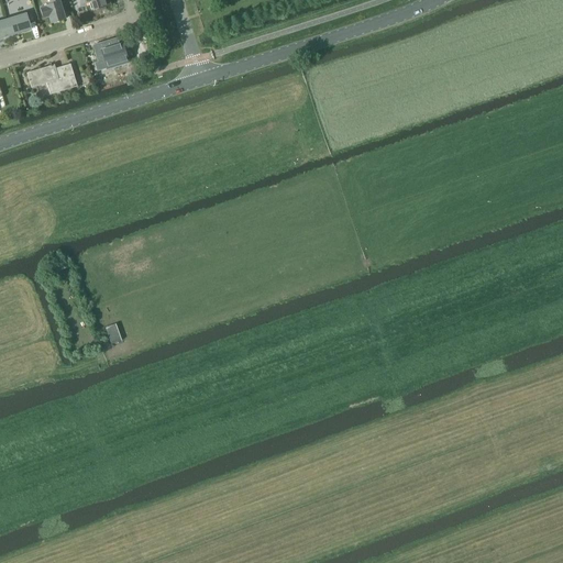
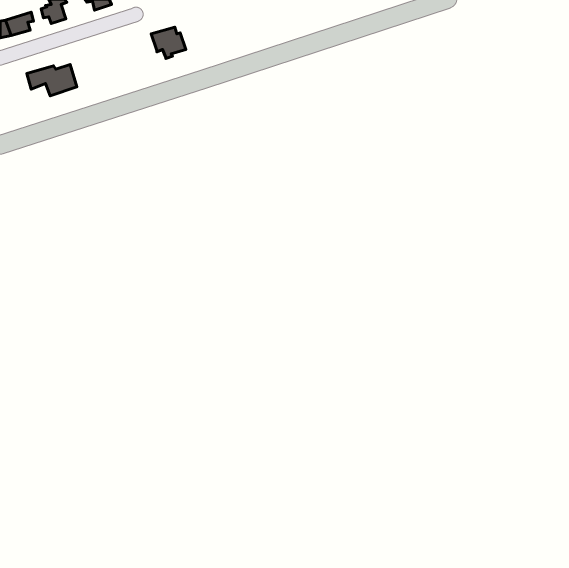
building: [92,38,126,69] -> [151,27,186,58]

